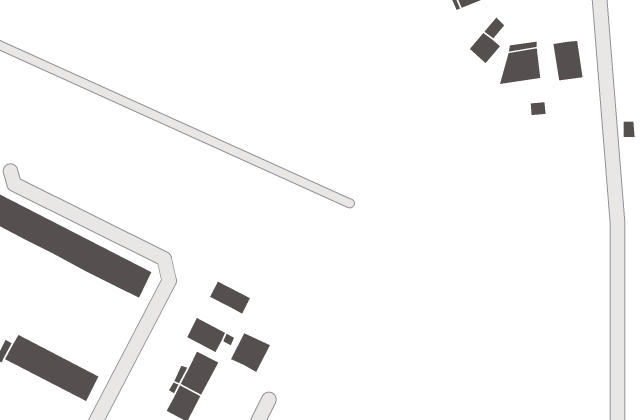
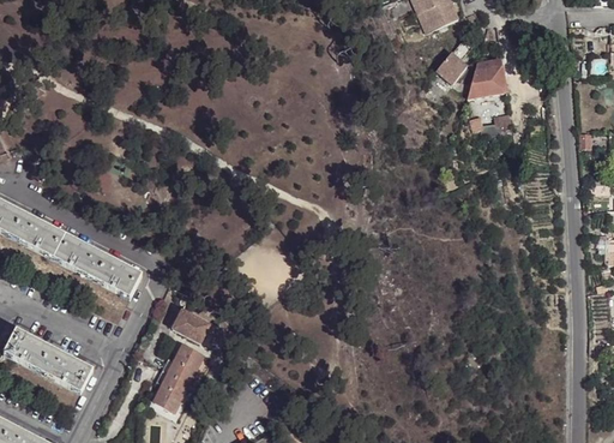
building: [553,40,583,81] -> none
building: [209,280,251,315] -> none
building: [230,332,271,373] -> none

